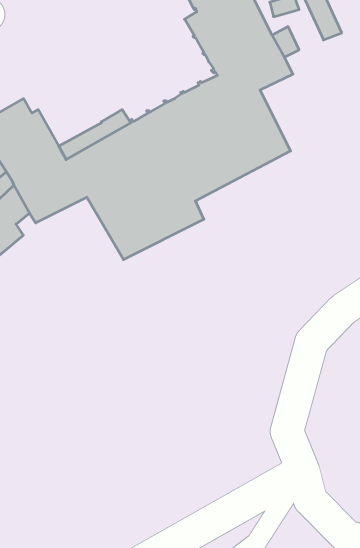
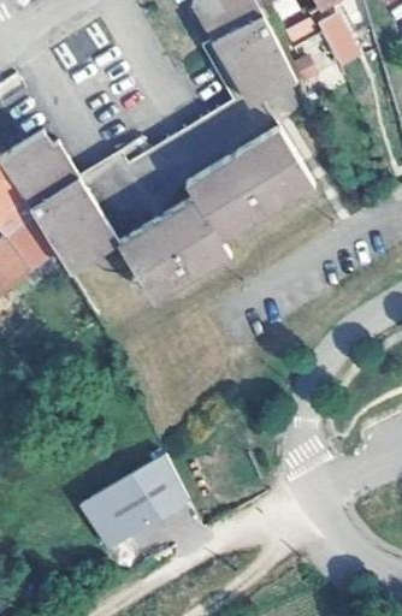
building: none -> [84,456,190,544]

